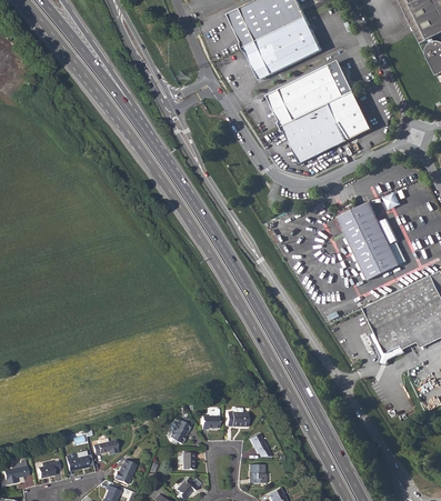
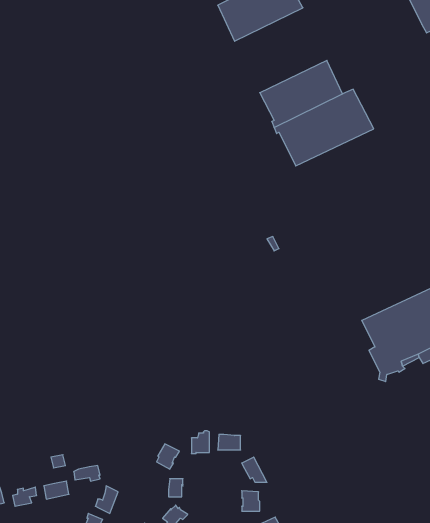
building: [243,17,322,80] -> none
building: [335,202,398,279] -> none

